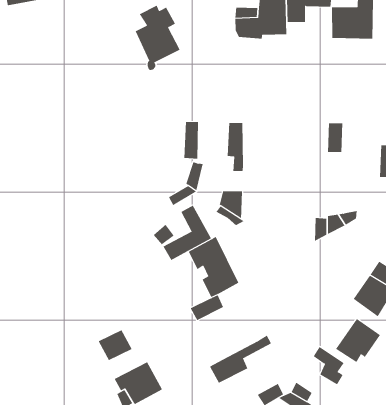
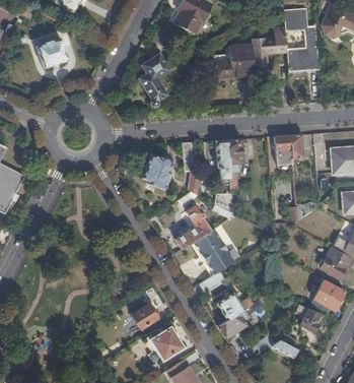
building: none -> [227,140,243,174]
building: none -> [276,136,293,165]
building: none -> [141,155,172,192]
building: none -> [216,293,252,321]

